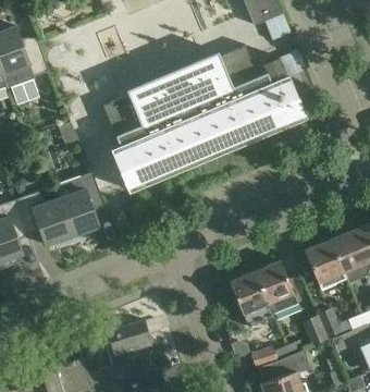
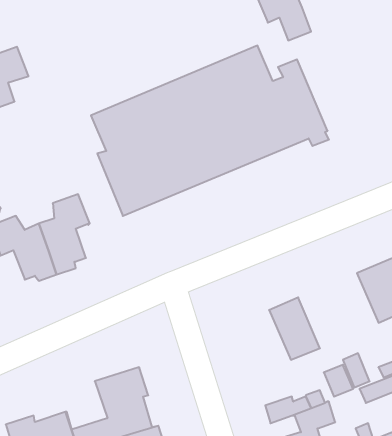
building: [304,240,348,291] -> none
building: [229,271,273,327] -> none

